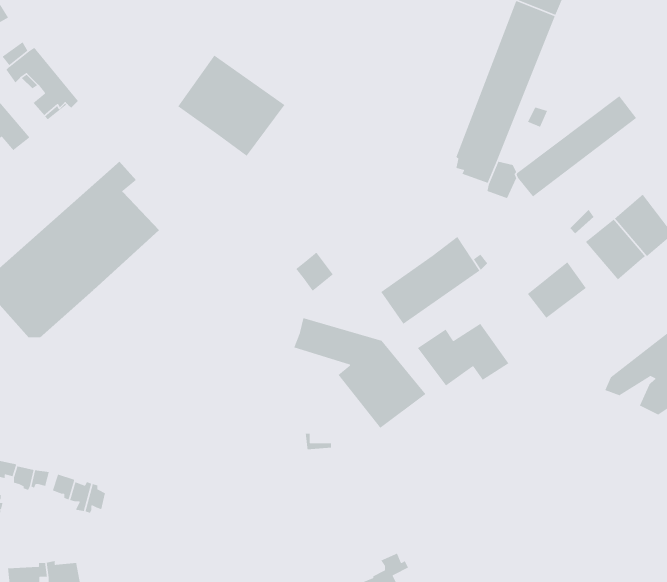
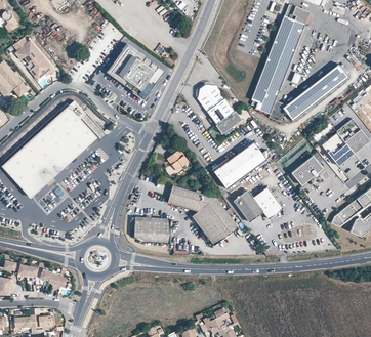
building: none -> [198,81,242,131]
building: none -> [133,215,169,242]

